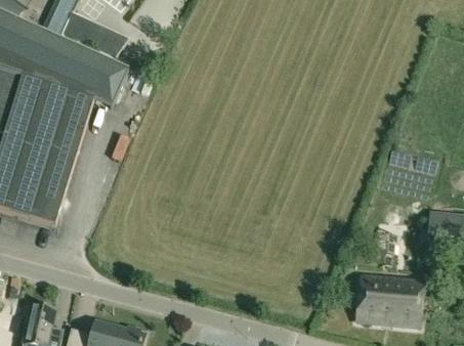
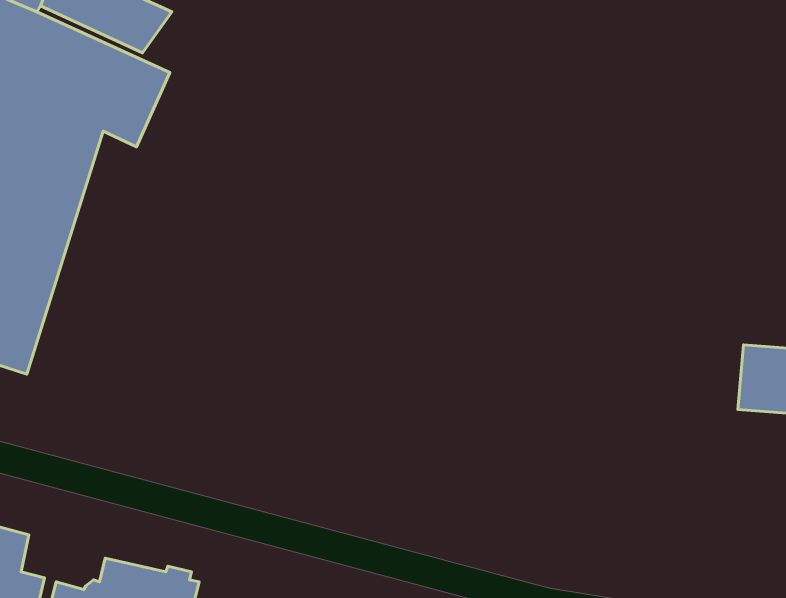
building: [355,274,422,326] -> none

